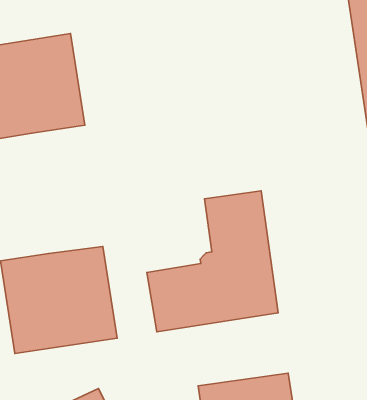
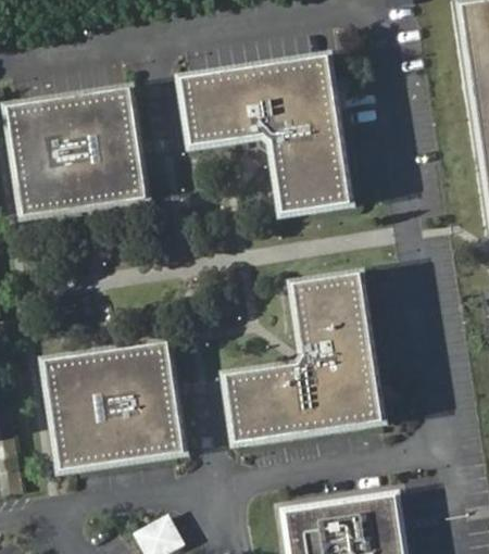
building: none -> [180,55,348,213]

